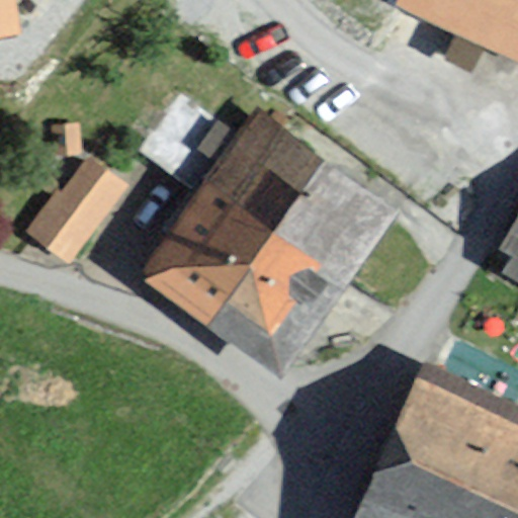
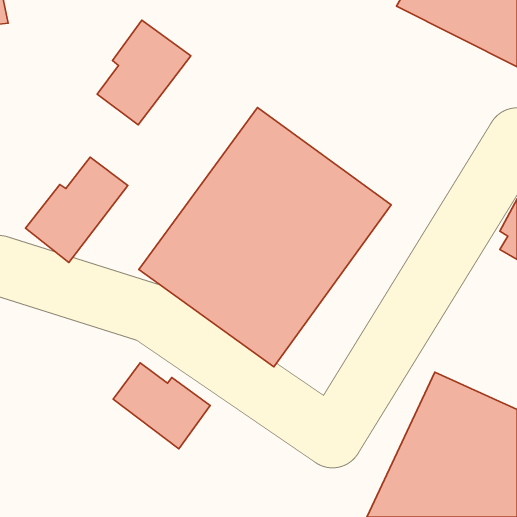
building: none -> [97,20,191,125]
building: none -> [113,363,210,449]

